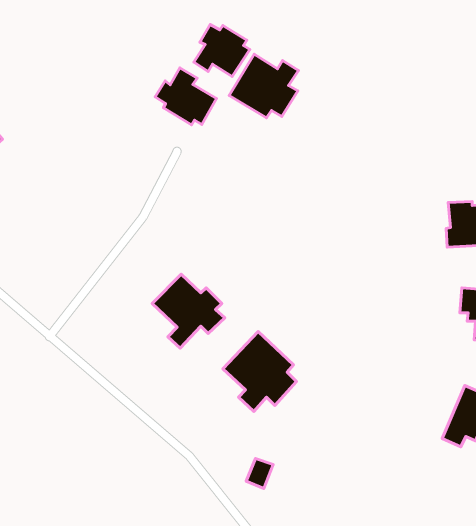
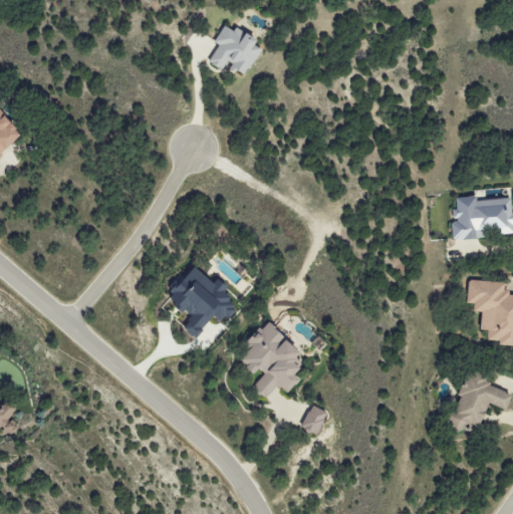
building: [229,54,299,118] -> none
building: [155,68,216,125] -> none
building: [246,458,273,489] -> [301,405,327,434]

